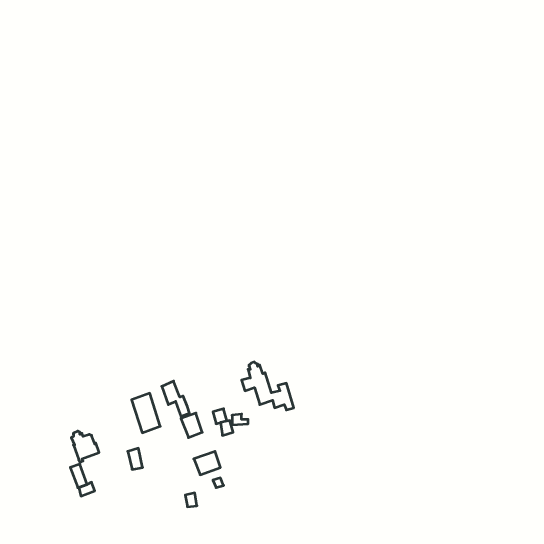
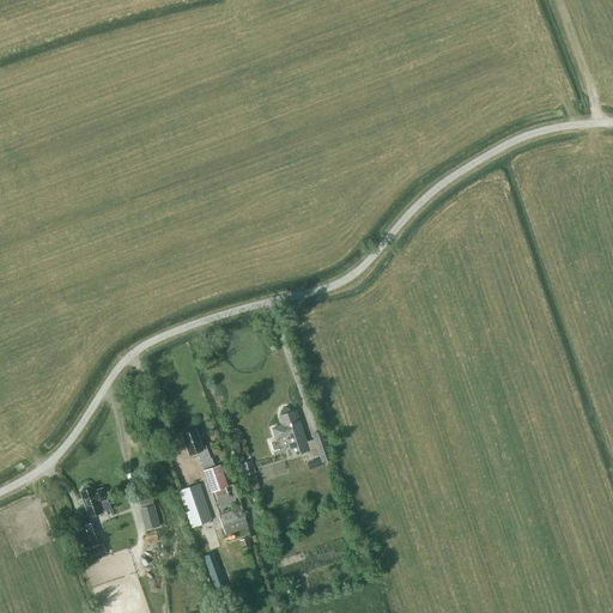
building: [132,393,160,433] -> [178,484,211,528]

